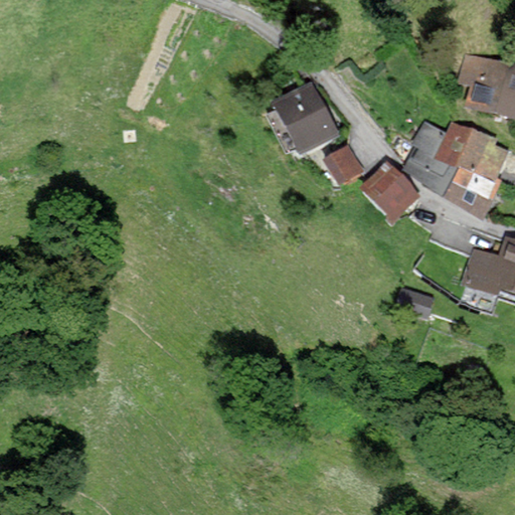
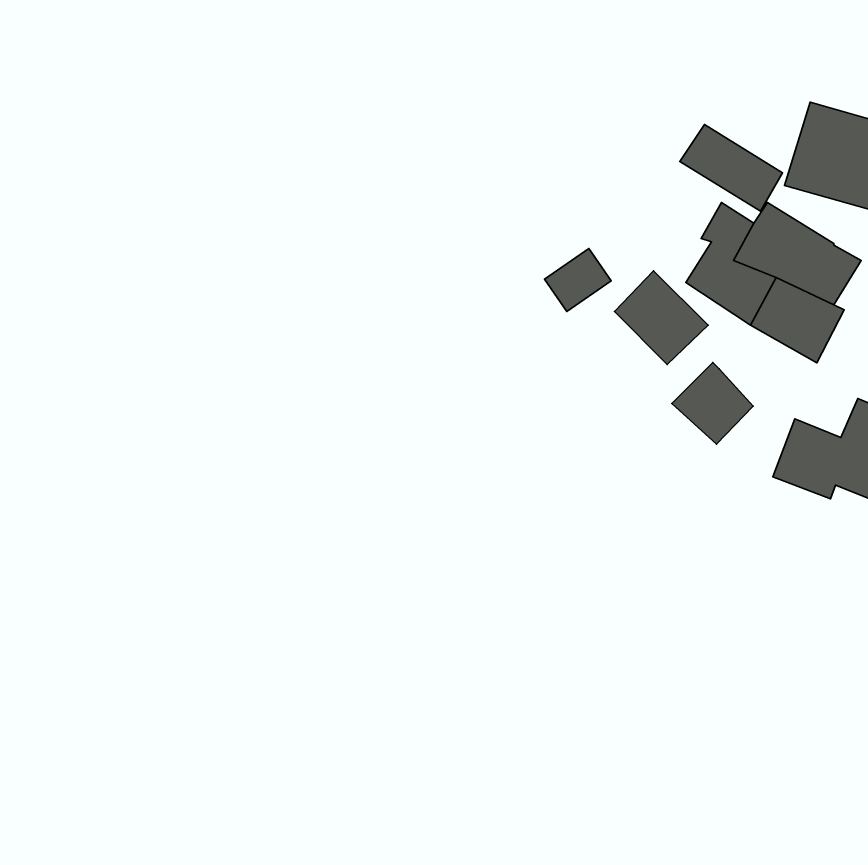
building: none -> [680,125,783,211]
building: [276,87,338,156] -> none
building: none -> [672,362,753,444]

